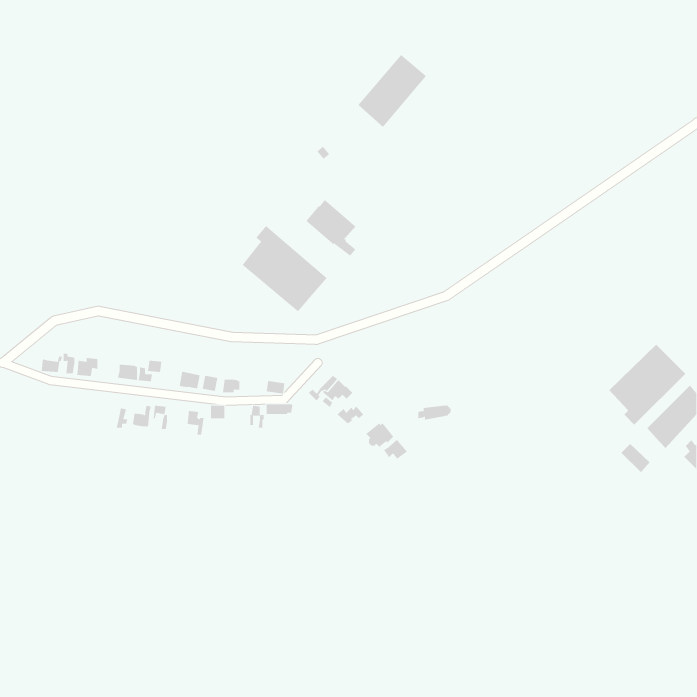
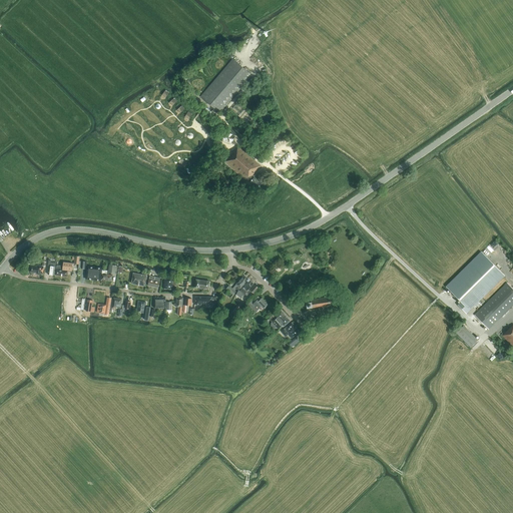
building: [357,54,427,128] -> [200,59,251,113]
building: [242,225,327,312] -> none

